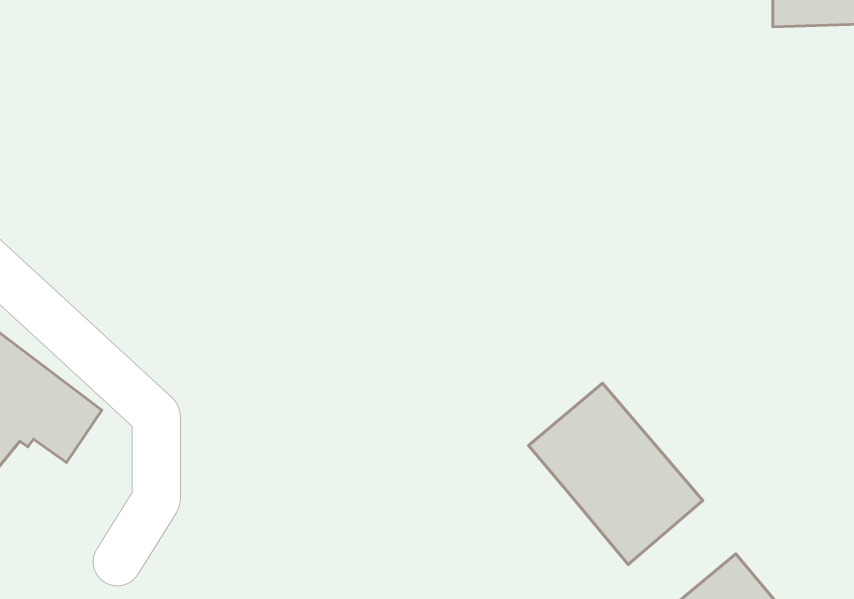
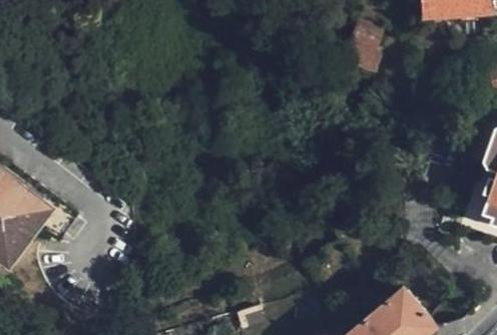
building: none -> [348,19,383,71]
building: [528,383,703,565] -> none

